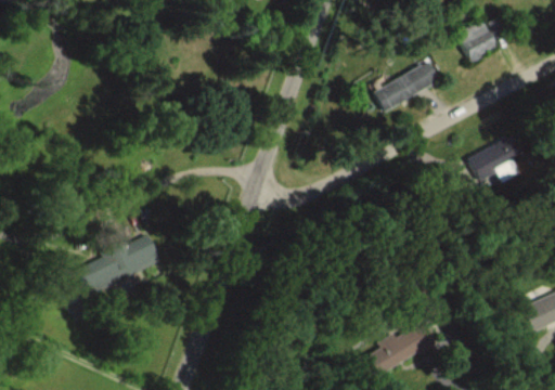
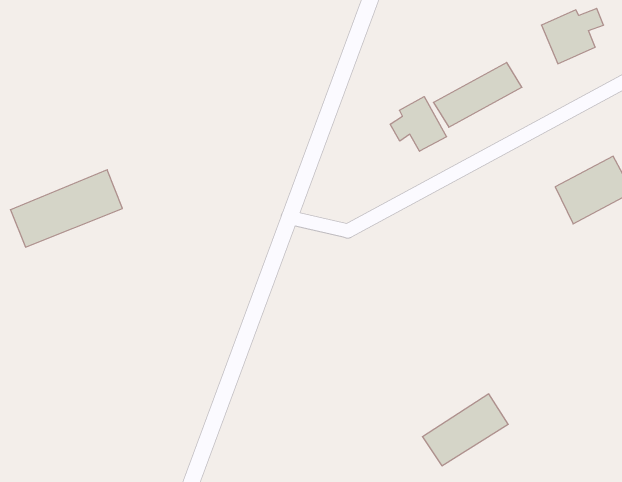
building: none -> [390,97,447,151]
building: [74,235,162,296] -> [10,170,122,247]

